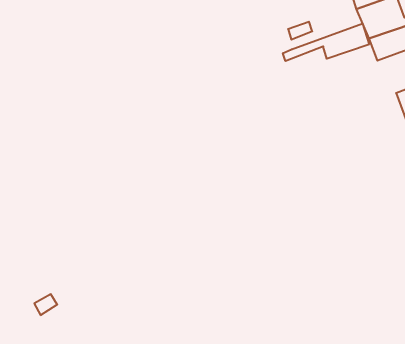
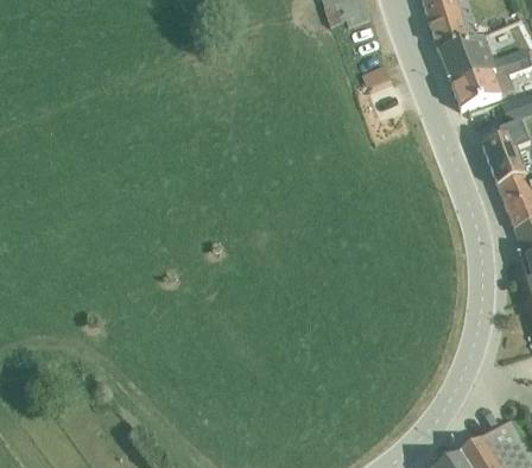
building: [283,23,369,61] -> none

